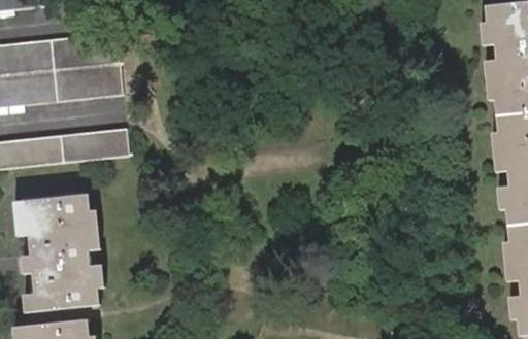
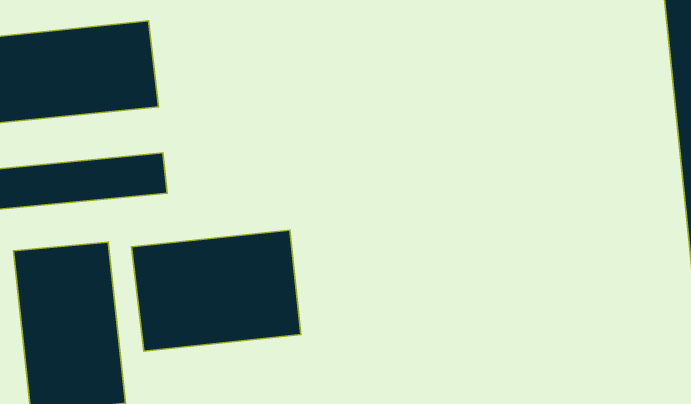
building: none -> [132,230,301,351]

